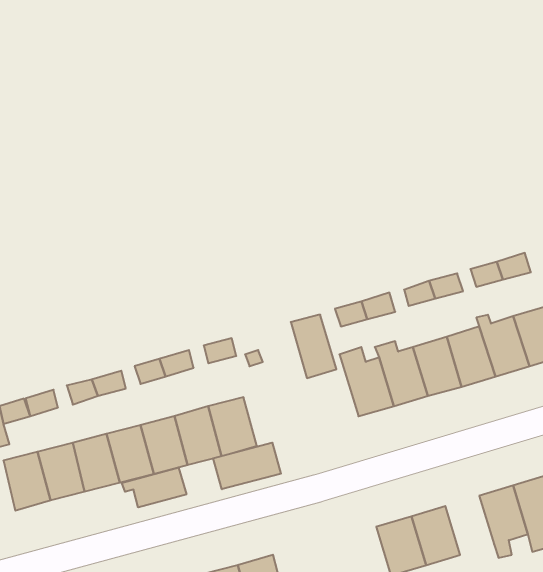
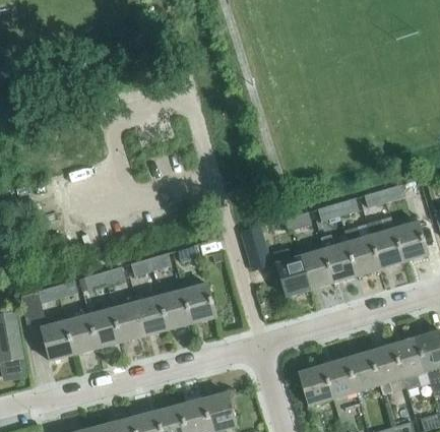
building: [213,443,281,489] -> none
building: [122,467,186,507] -> none
building: none -> [347,351,380,391]

